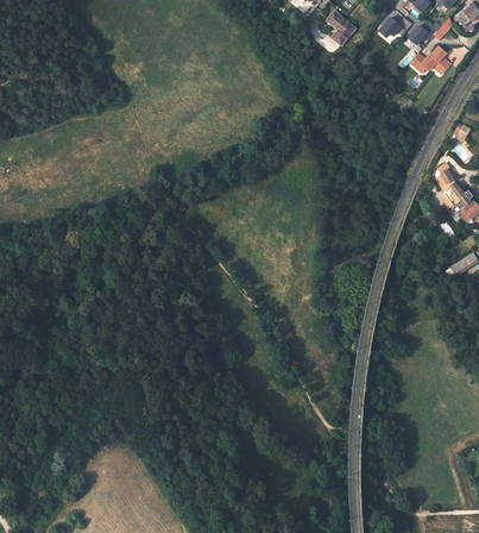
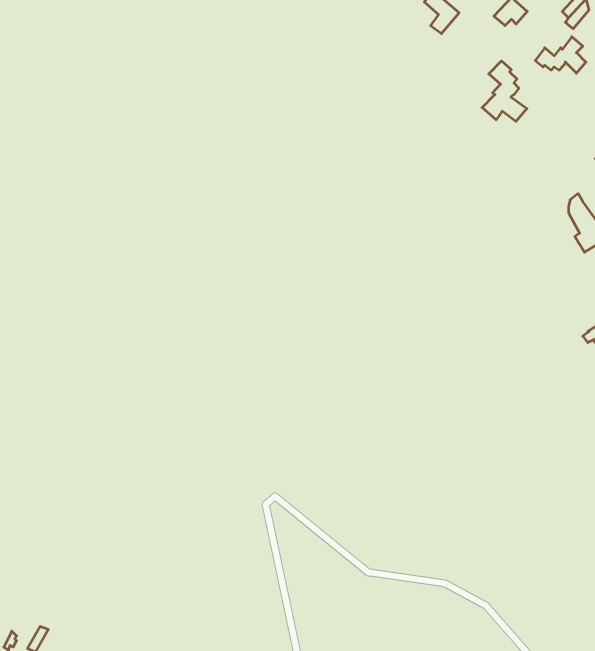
building: none -> [482,61,527,121]

